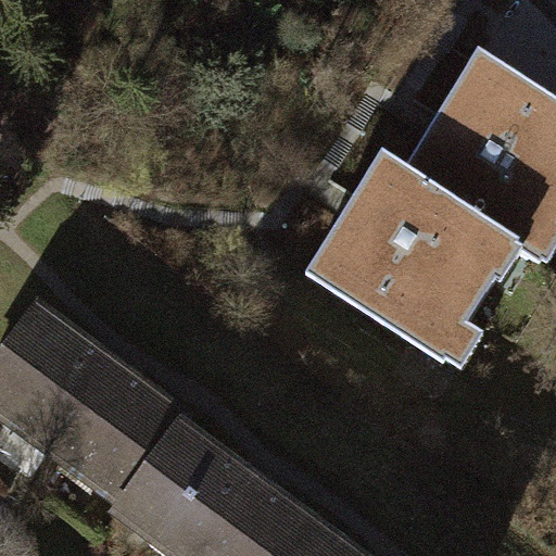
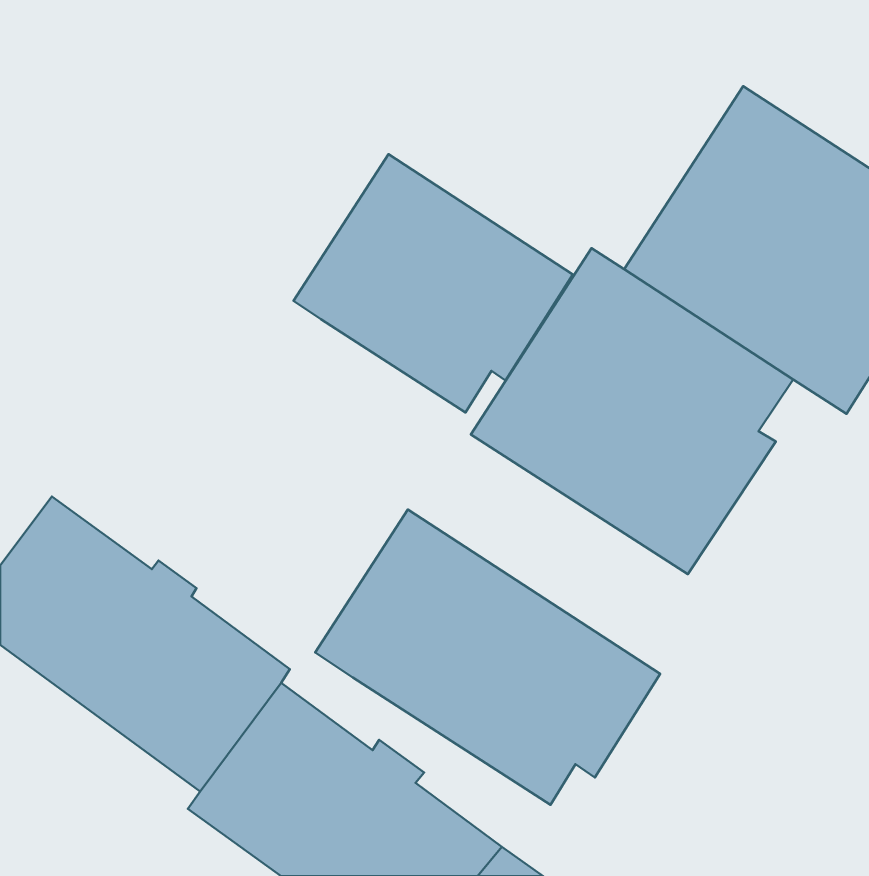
building: none -> [293,154,573,412]
building: none -> [315,509,660,805]

